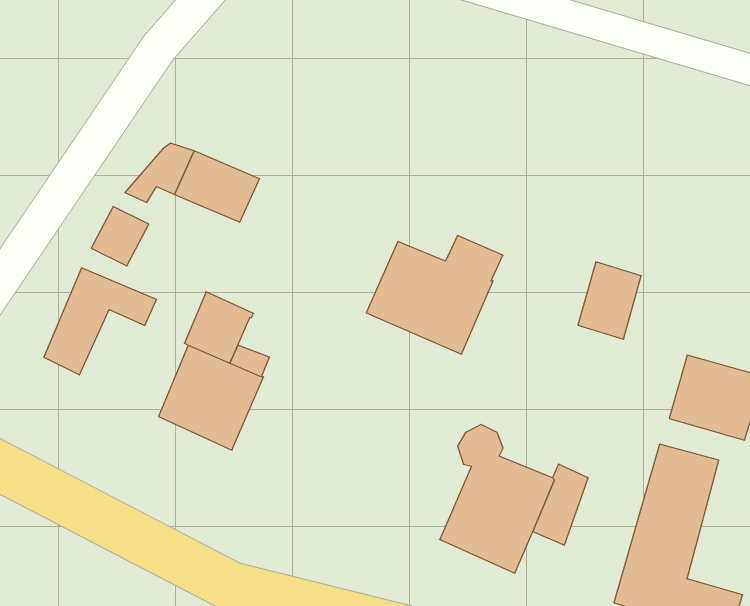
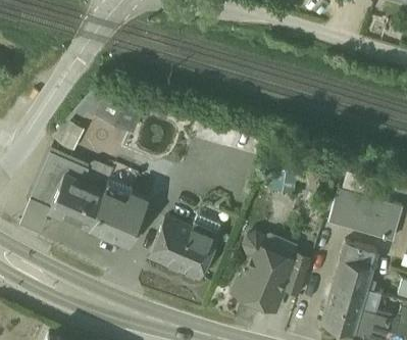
building: [366,235,503,354] -> [150,214,220,276]
building: [578,262,641,339] -> [329,189,362,229]
building: none -> [48,173,105,228]

